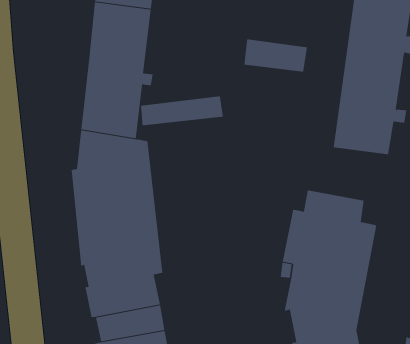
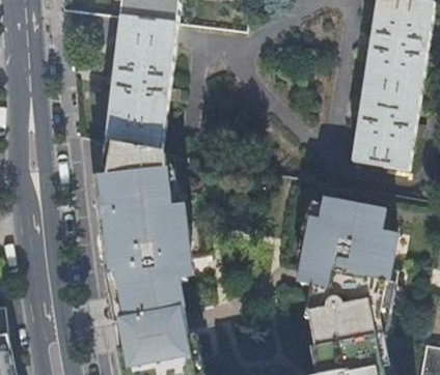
building: [244,38,308,73] -> none
building: [141,96,223,126] -> none

